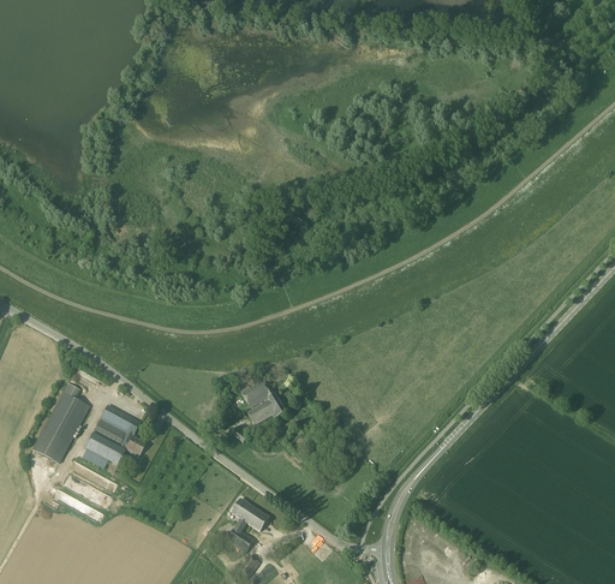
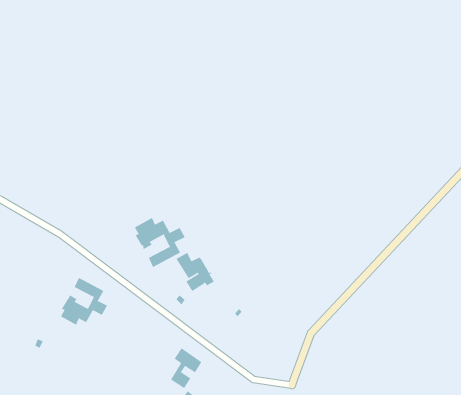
building: none -> [134,217,185,268]
building: [31,383,88,464] -> none

